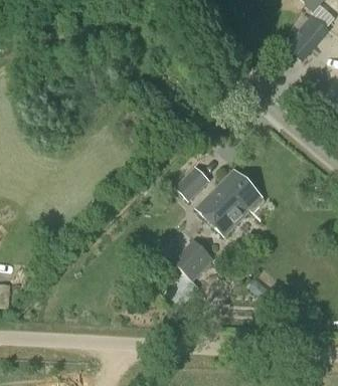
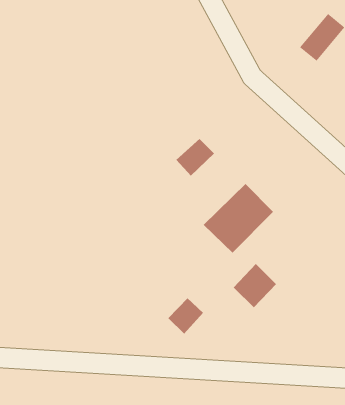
building: [173,168,209,203] -> [175,138,215,176]
building: [173,237,213,278] -> [233,263,277,308]

